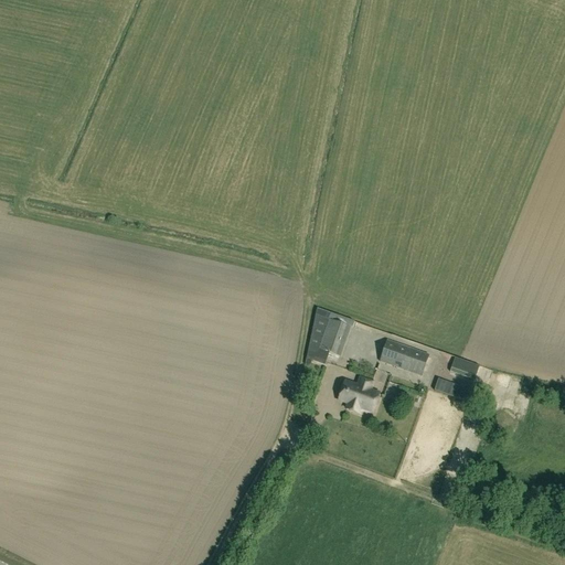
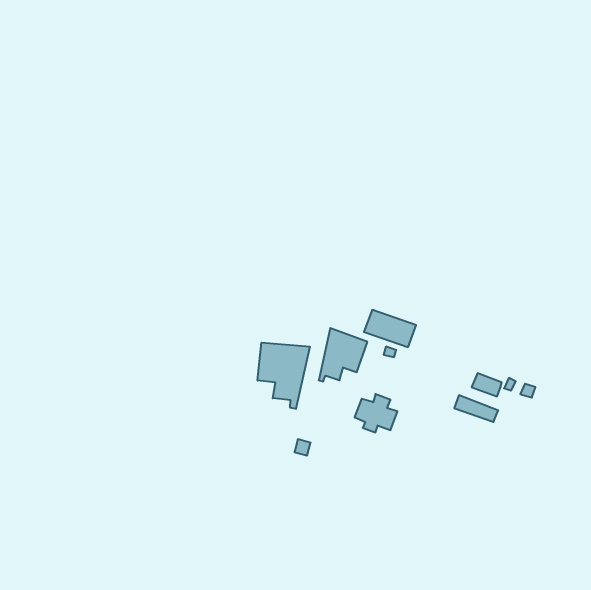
building: none -> [258,343,310,409]
building: [379,339,428,374] -> [364,310,416,347]

